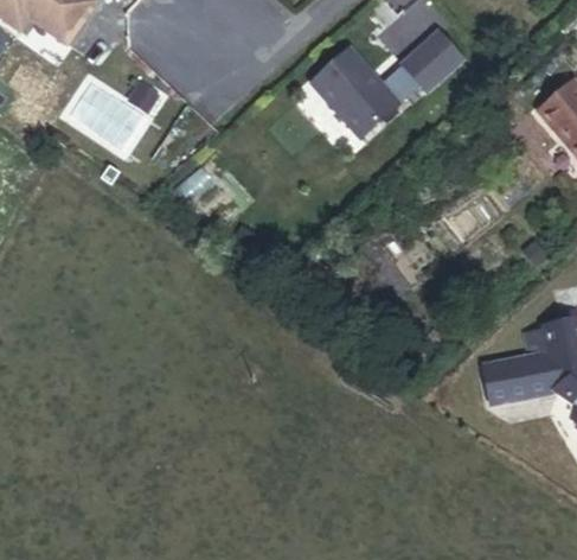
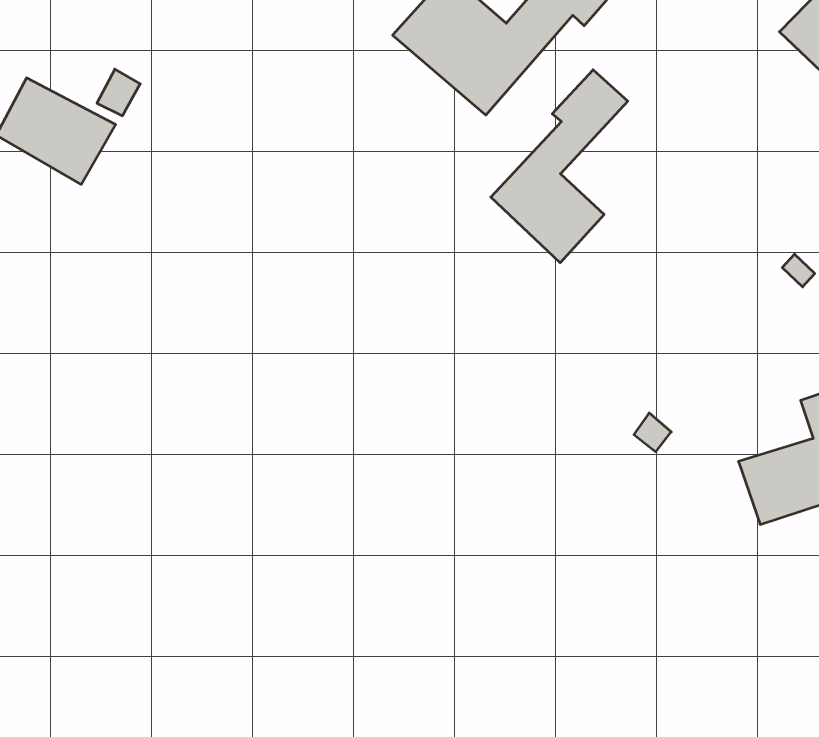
building: none -> [491,70,628,263]

